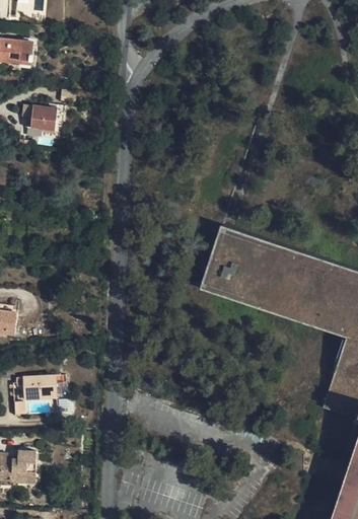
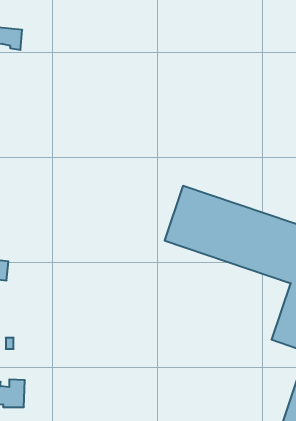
building: [26,105,65,133] -> none
building: [22,375,57,413] -> none

